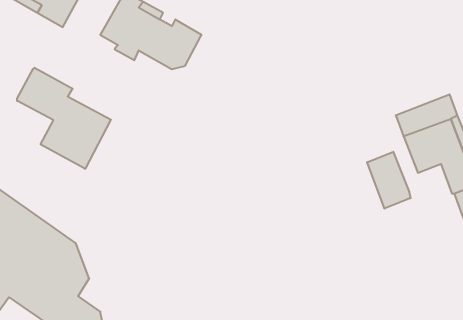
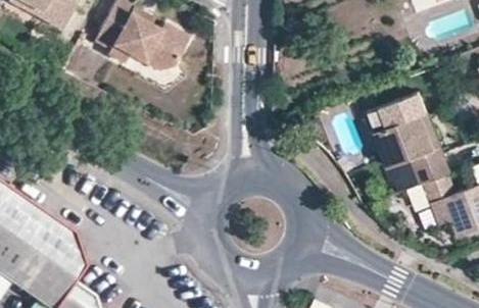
building: [17,68,111,169] -> none
building: [367,152,411,209] -> none

